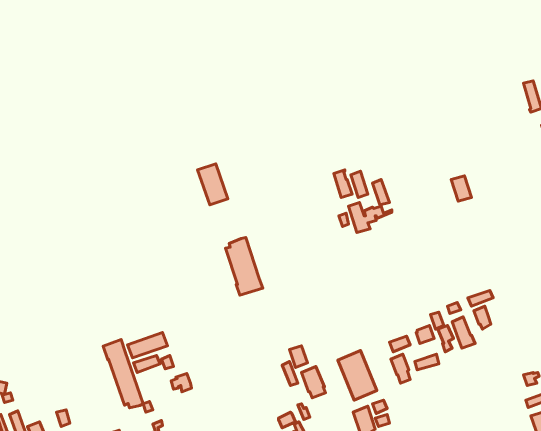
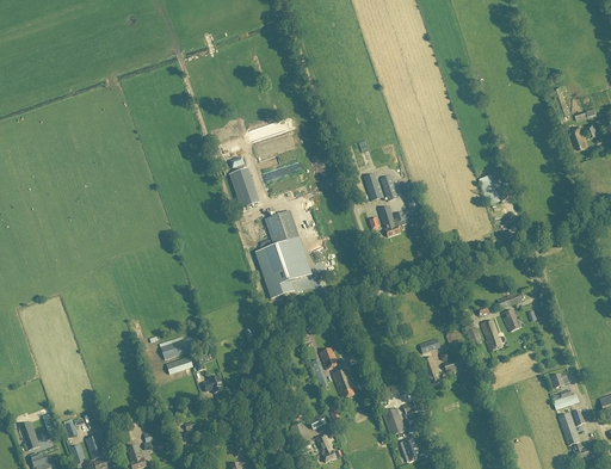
building: none -> [265,210,310,280]
building: [103,339,143,408] -> none
building: [338,351,377,400] -> none

